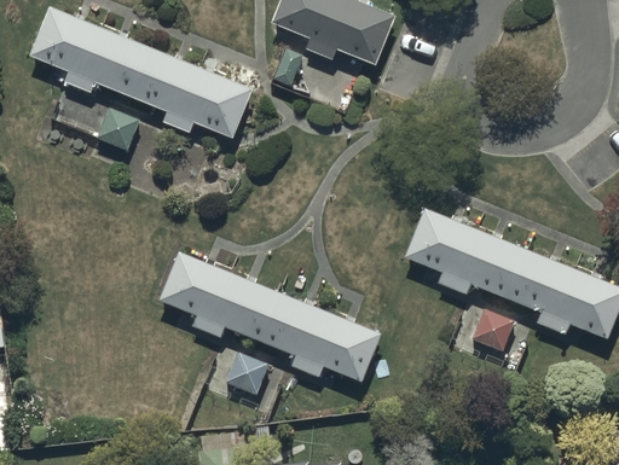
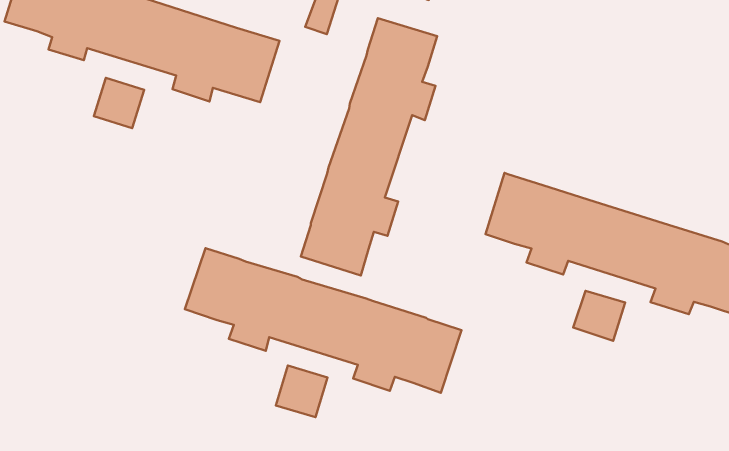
building: none -> [301,18,437,276]

